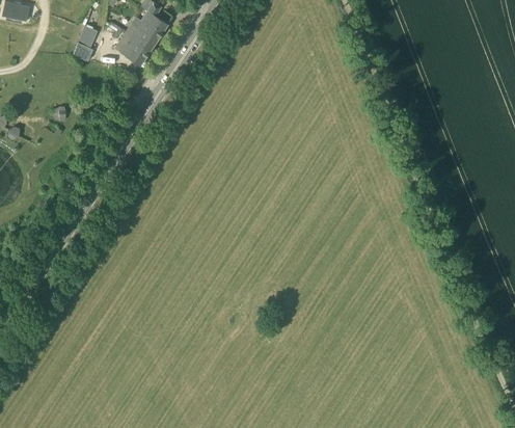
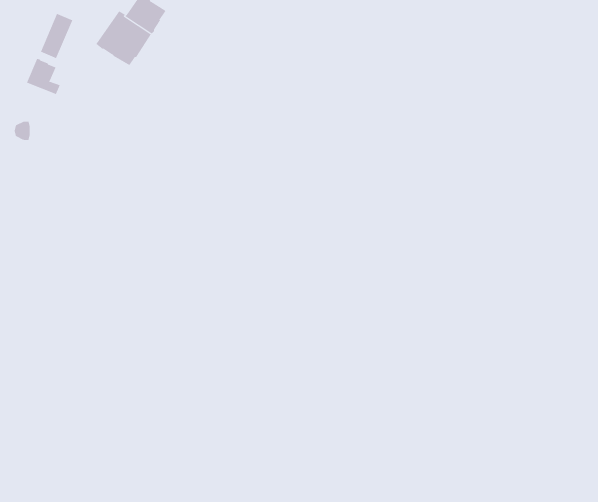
building: none -> [26,58,60,95]

